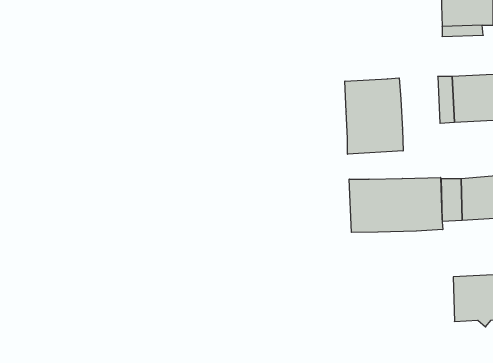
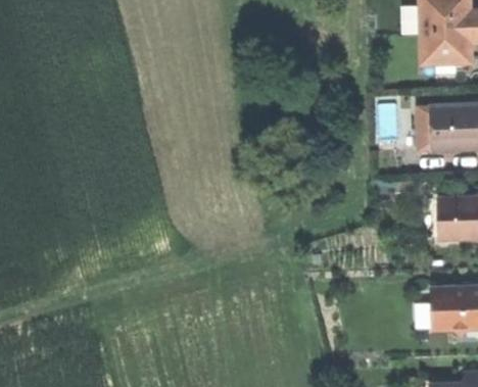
building: [345,78,403,154] -> none
building: [349,177,443,232] -> none

